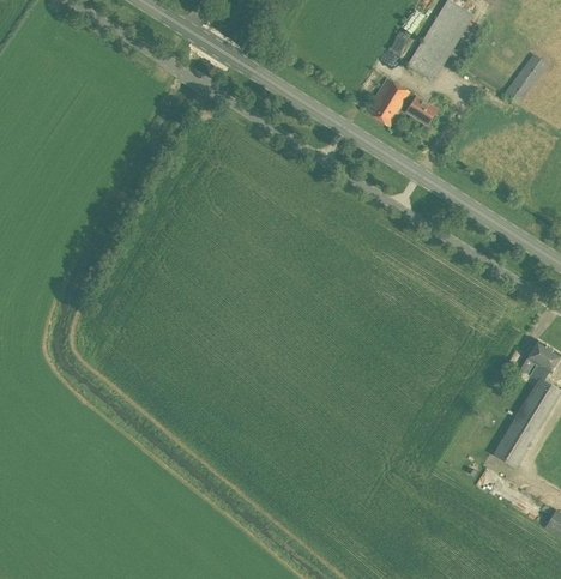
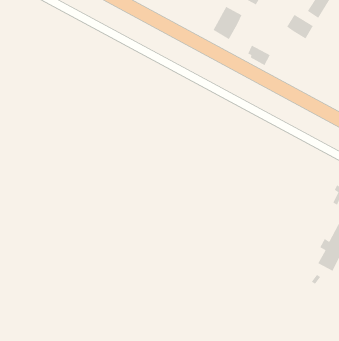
building: [404,92,438,125] -> [247,44,271,66]
building: none -> [286,14,314,39]

